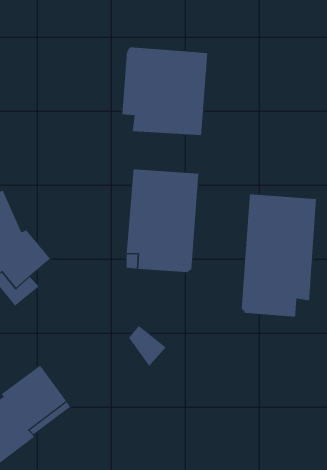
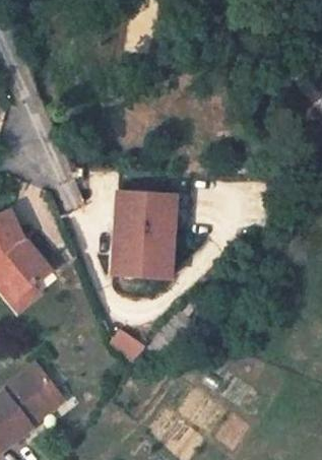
building: [122,47,208,136] -> none
building: [241,193,316,317] -> none

